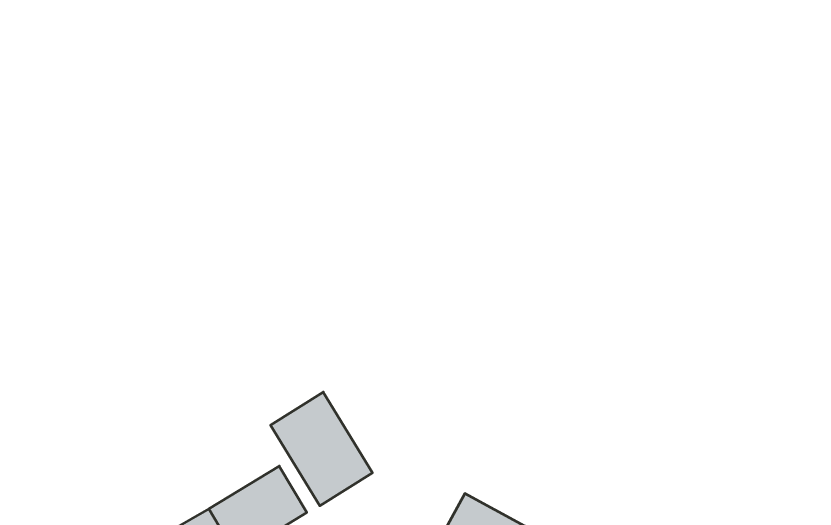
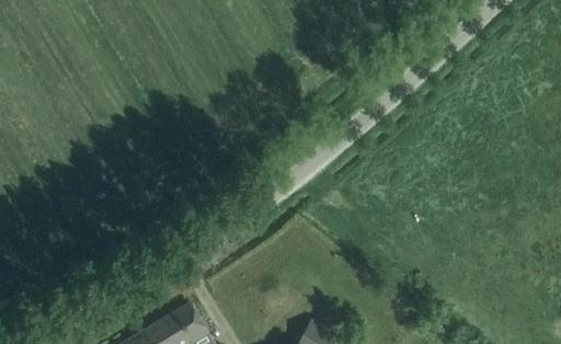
building: [271,392,372,506] -> none

